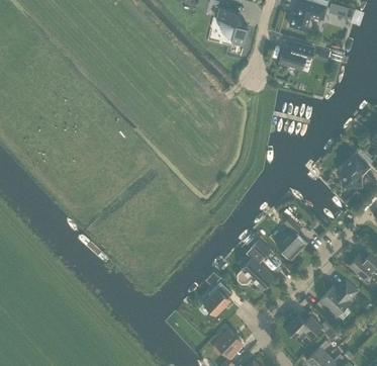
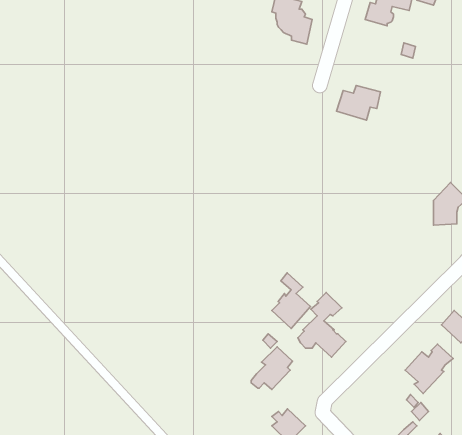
building: [279,41,313,69] -> [337,85,381,120]
building: [277,216,307,260] -> [272,273,310,329]
building: [286,315,321,338] -> none

